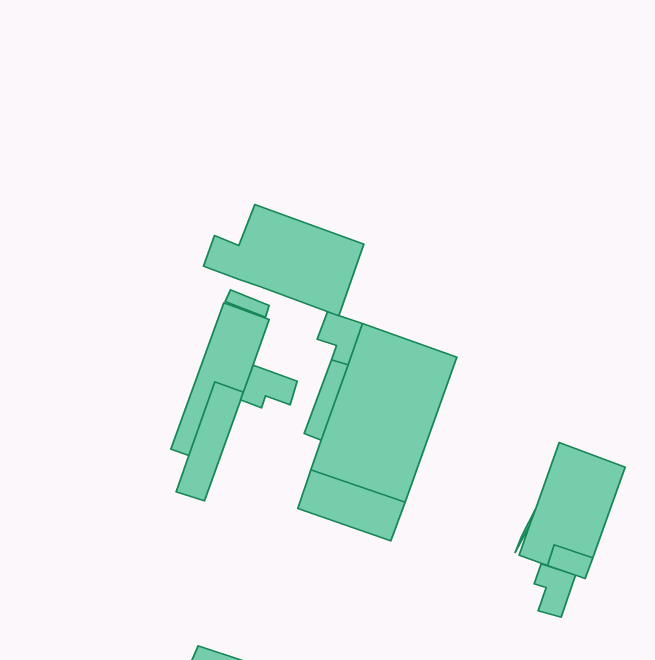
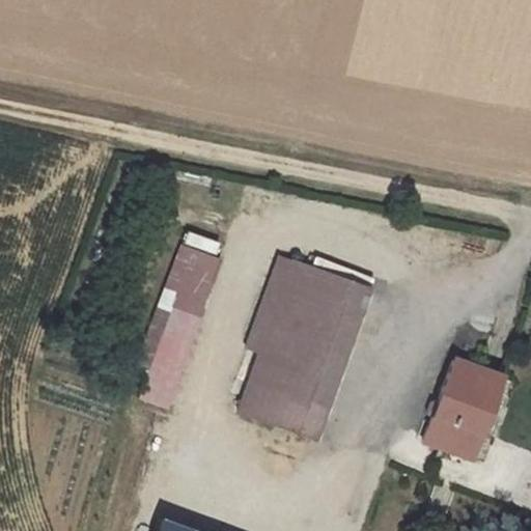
building: [204,204,364,316] -> none
building: [241,365,297,408] -> none
building: [534,564,576,617] -> none

